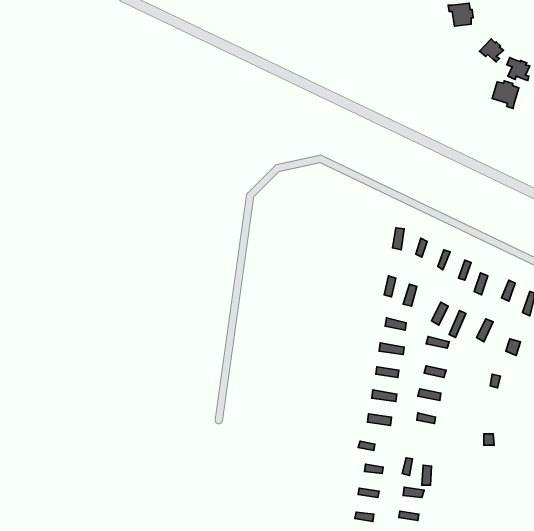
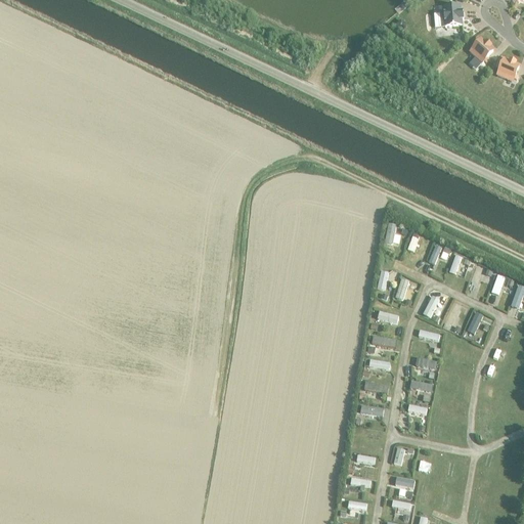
building: [492,81,519,109] -> none

